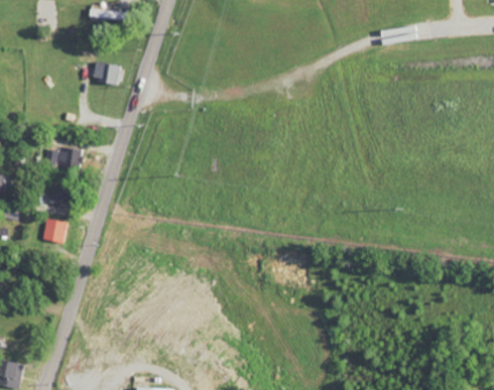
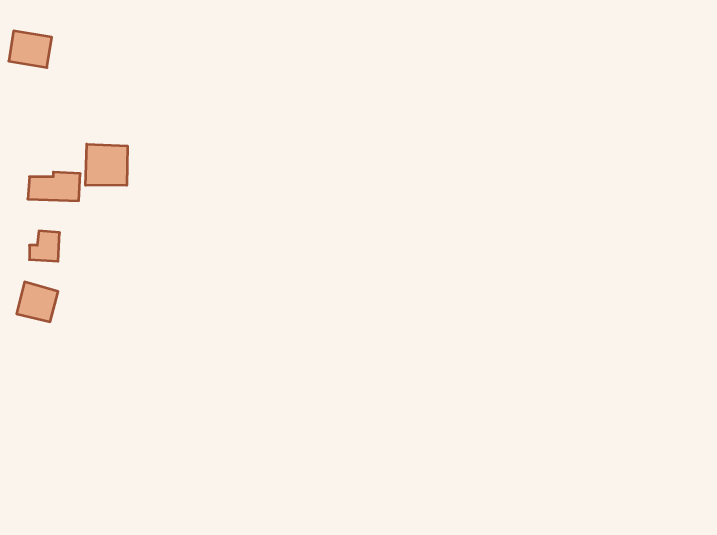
building: [93,62,120,86] -> [9,31,52,68]
building: none -> [86,144,127,185]

